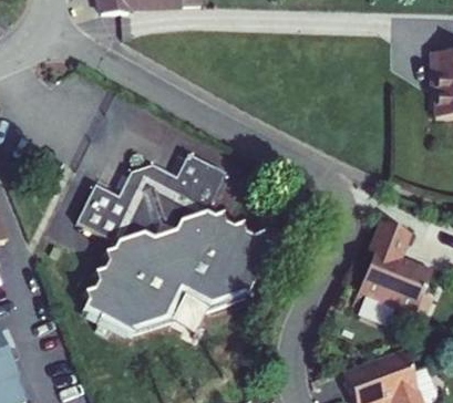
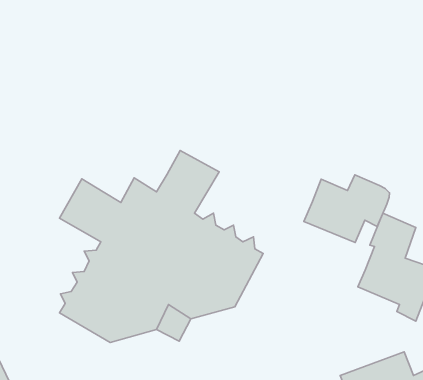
building: [119,167,178,209] -> none
building: none -> [304,175,390,242]

